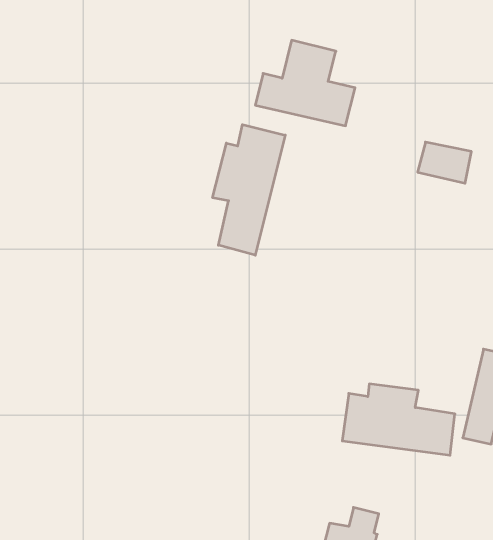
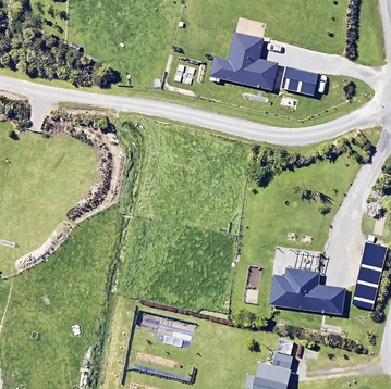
building: [213,125,285,255] -> none
building: [418,142,471,183] -> [281,66,318,95]

